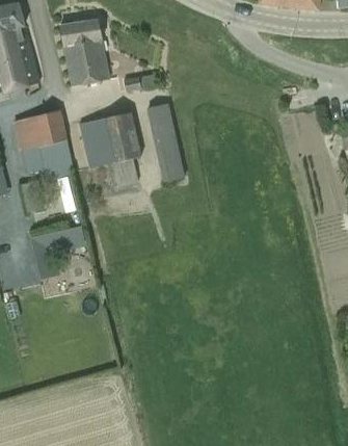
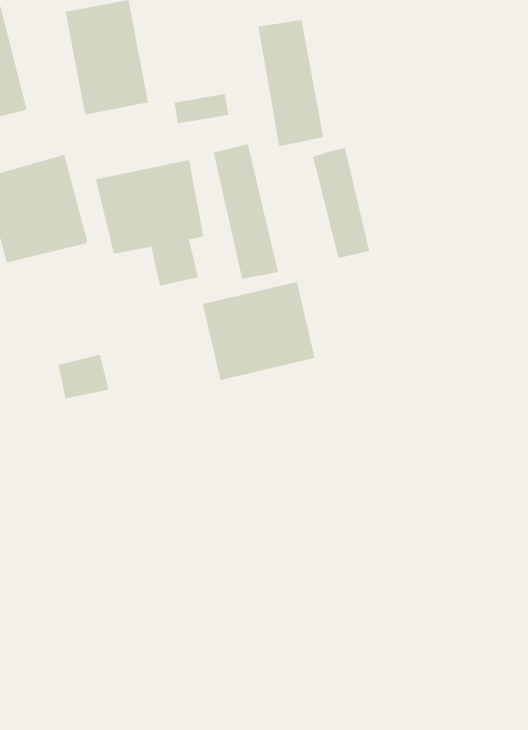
building: none -> [258,19,324,147]
building: none -> [313,147,370,259]
building: none -> [202,281,315,381]

